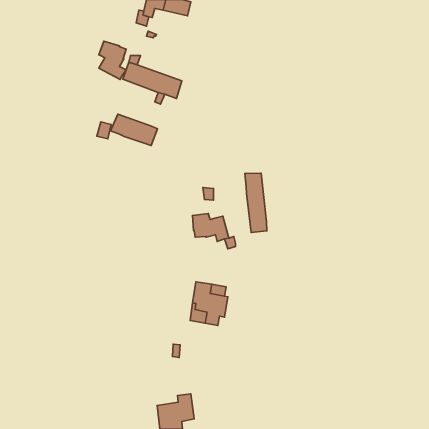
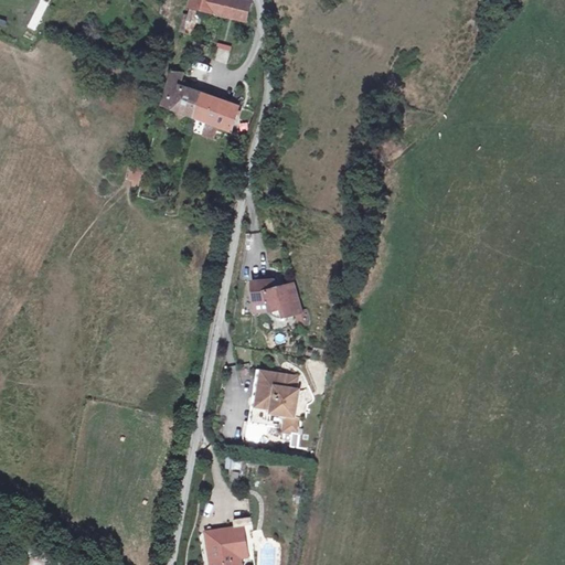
building: [99,41,126,79] -> none
building: [111,114,157,146] -> none
building: [245,173,267,232] -> none

